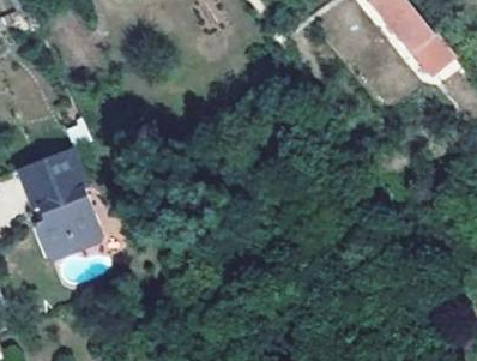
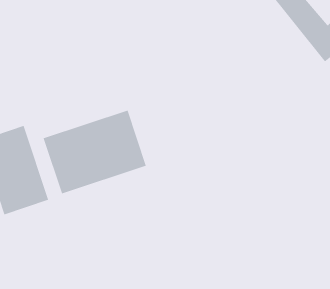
building: none -> [43,109,147,195]

